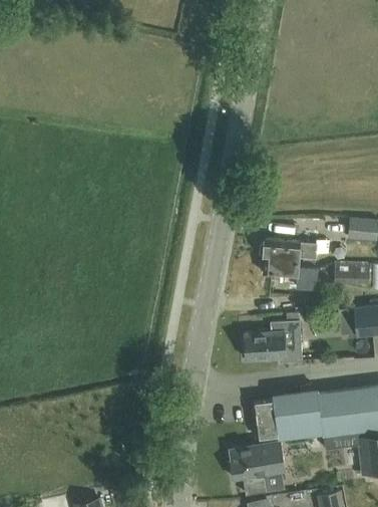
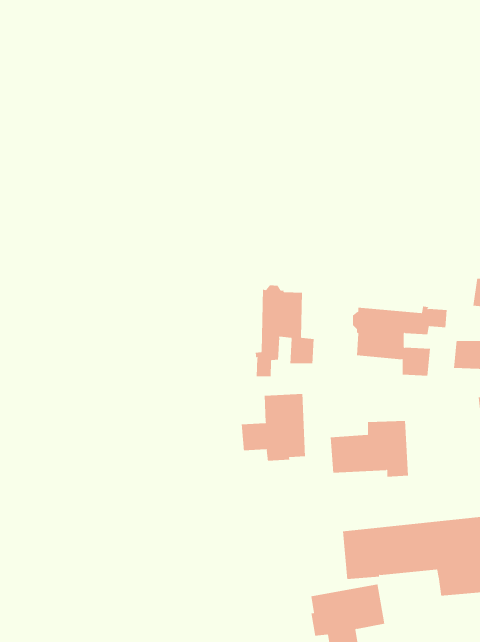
building: none -> [255,284,314,377]
building: none -> [241,393,306,461]

